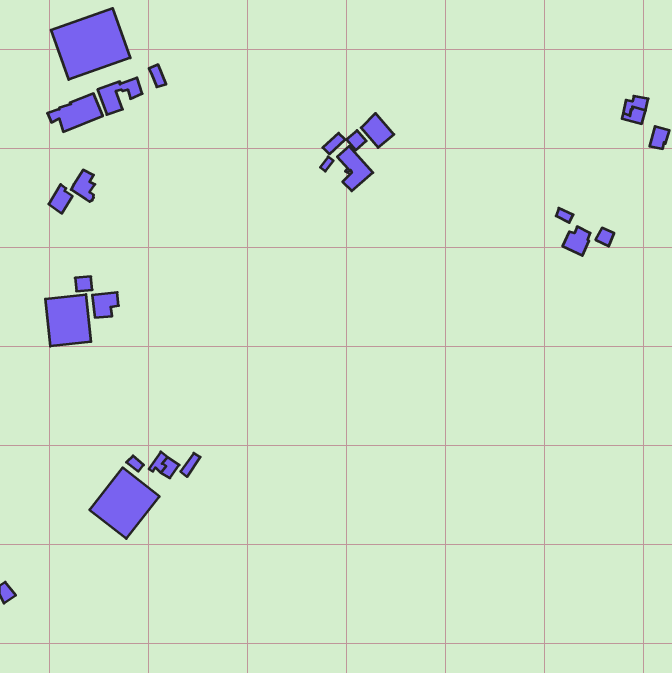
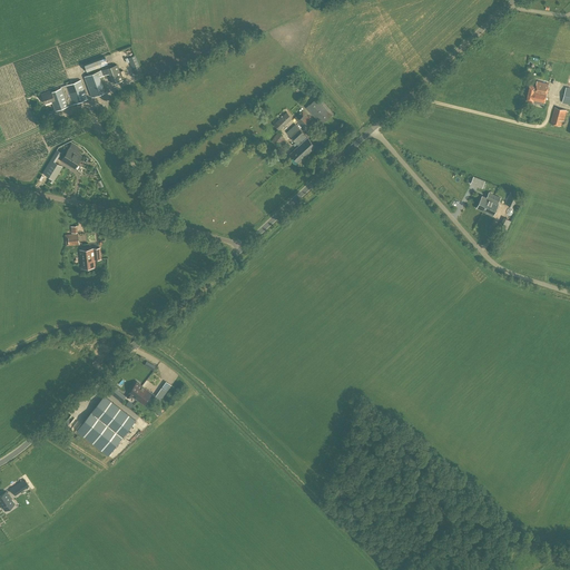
building: [51,8,130,80] -> none
building: [45,294,91,346] -> none

